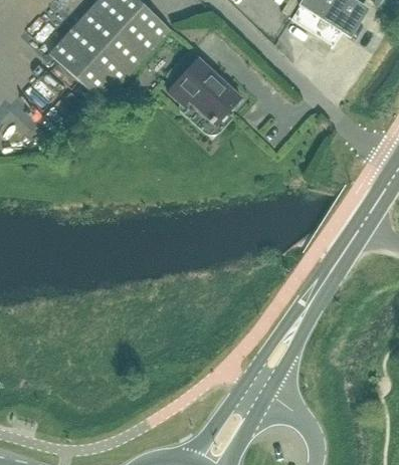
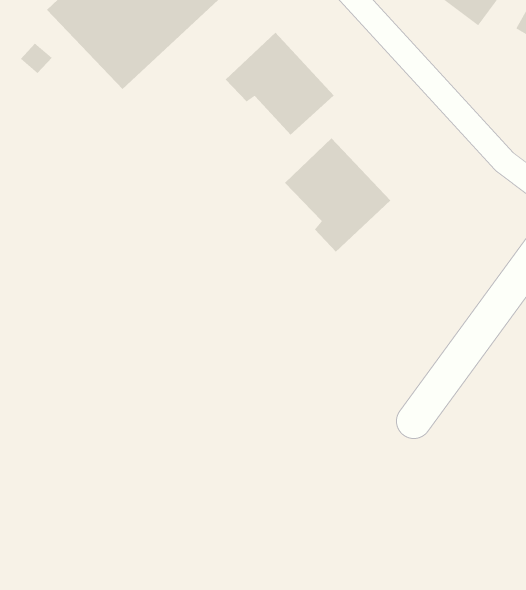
building: none -> [284,138,391,253]

